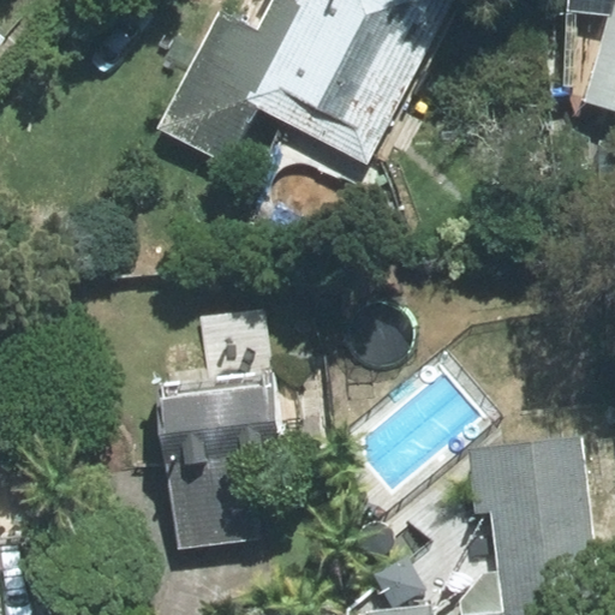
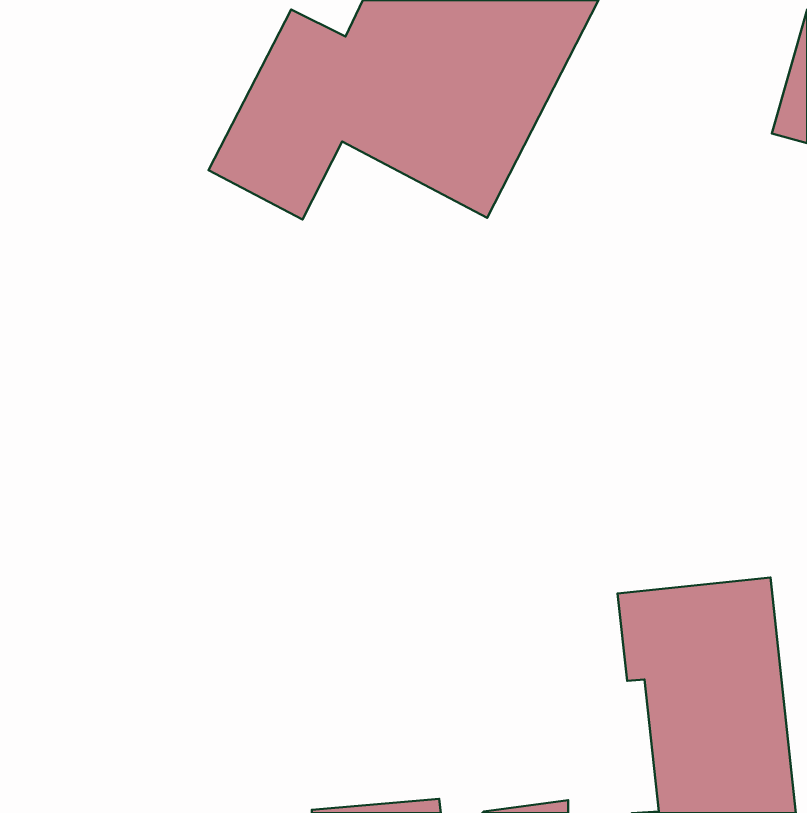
building: [160,387,282,548] -> none

